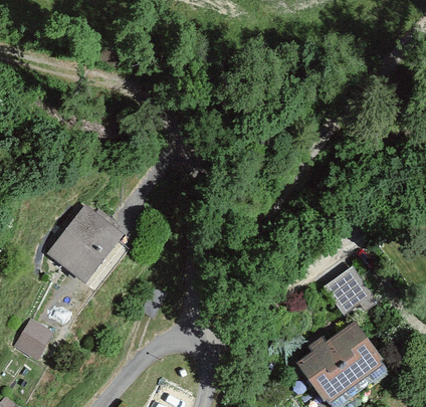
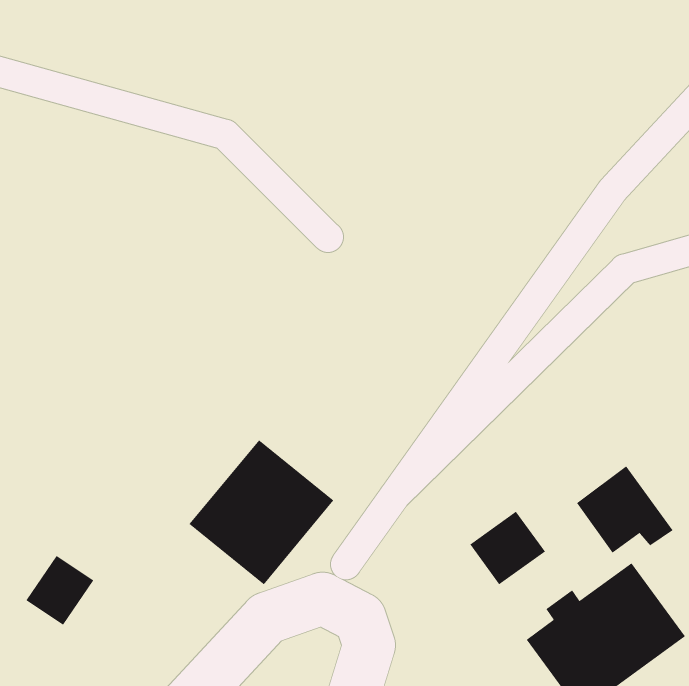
building: [45,209,127,290] -> [189,439,334,585]
building: none -> [469,511,546,585]

